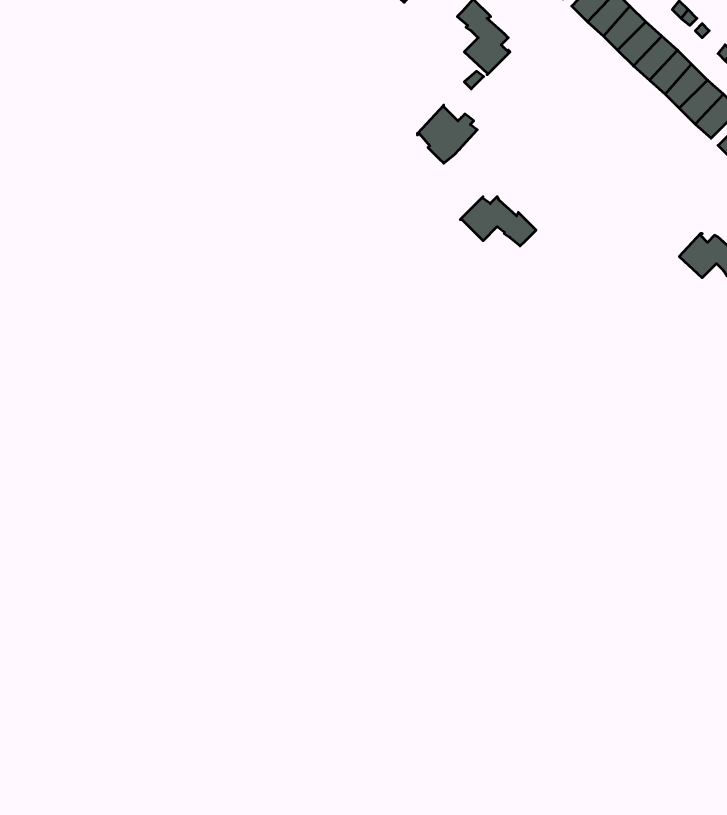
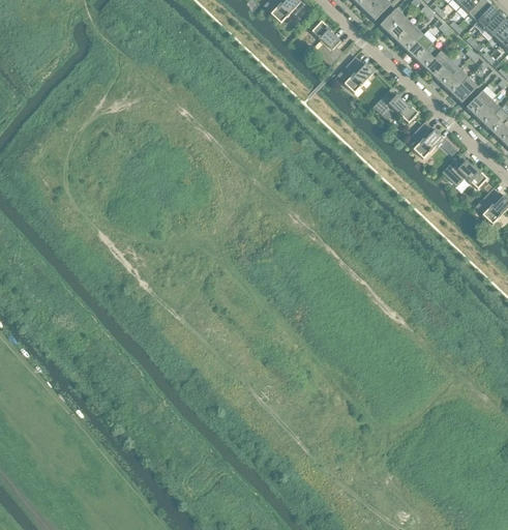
building: [417,105,477,163] -> [338,58,373,92]
building: none -> [412,123,443,158]
building: [460,197,536,246] -> [373,93,418,122]

